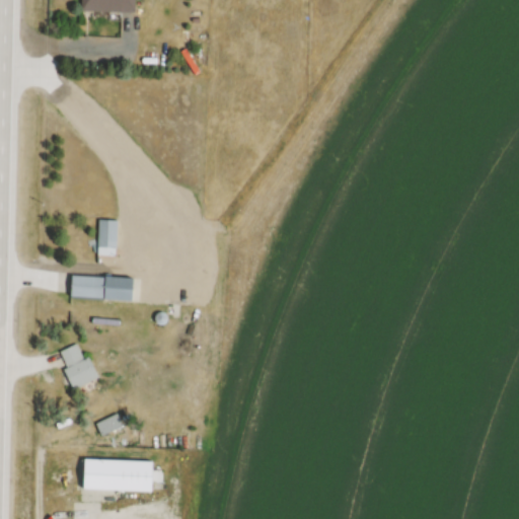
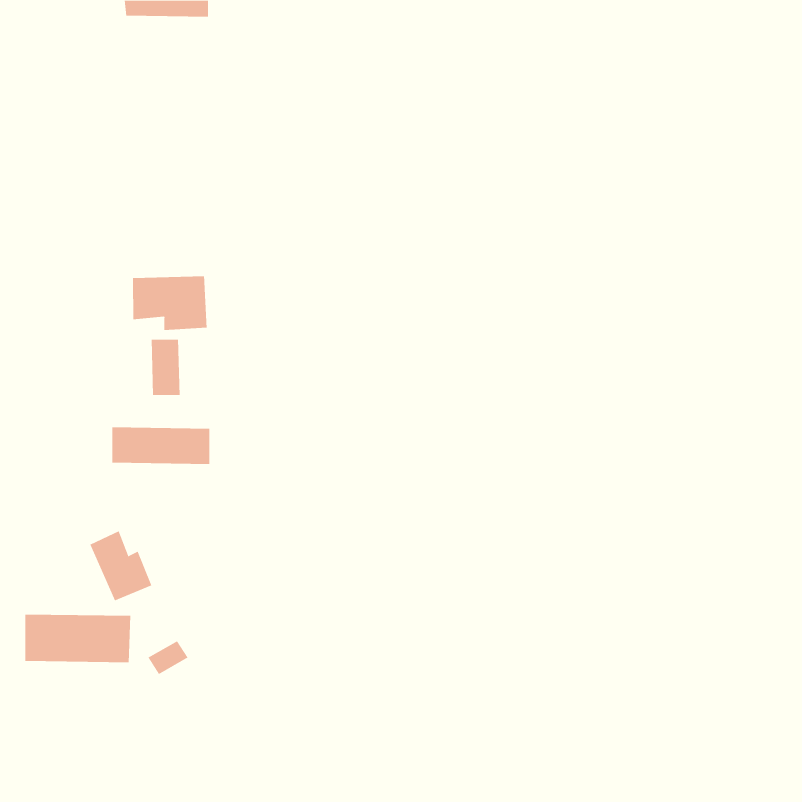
building: none -> [133,276,207,331]
building: [86,459,155,491] -> [24,614,131,663]

